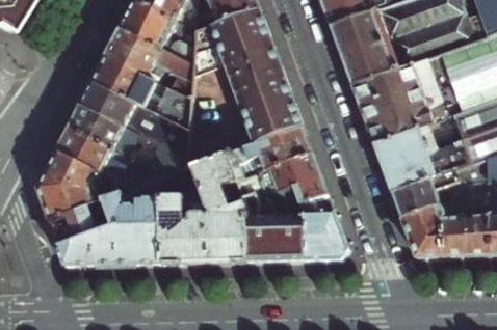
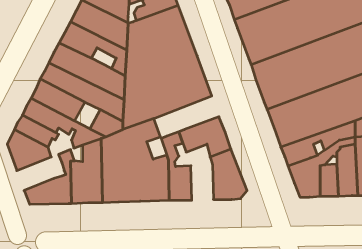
building: [227,127,311,182] -> none
building: [268,189,304,262] -> none
building: [49,202,107,249] -> none

